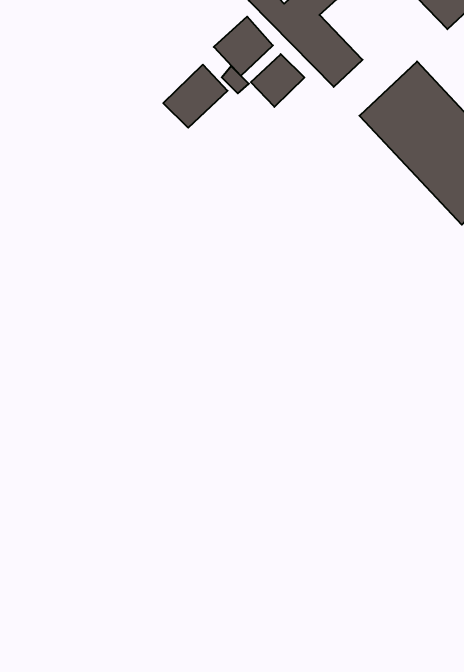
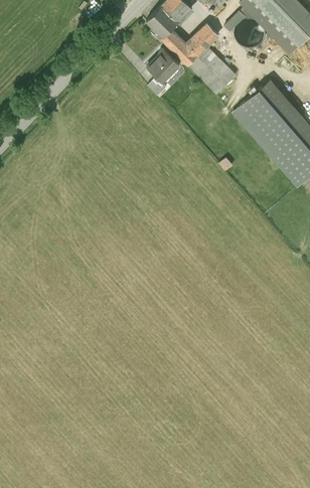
building: [251,54,304,107] -> none
building: [163,65,228,128] -> none

